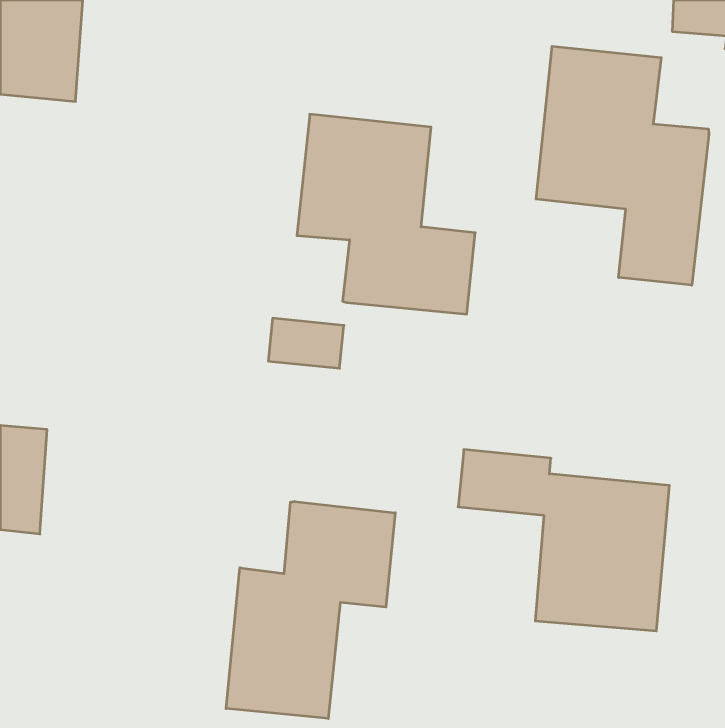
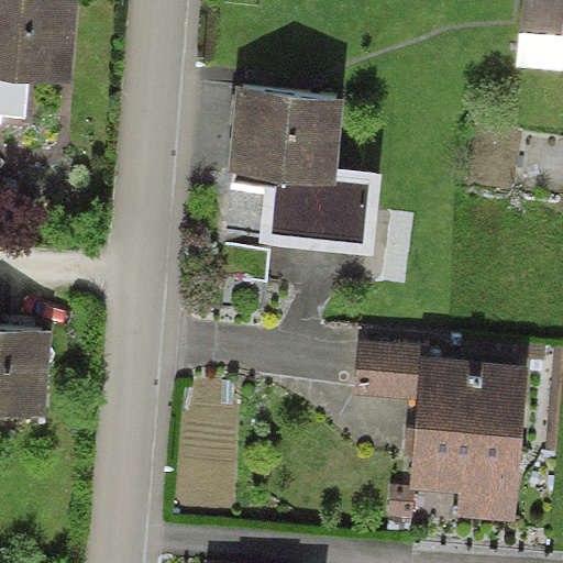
building: [536,46,709,285] -> none
building: [226,501,395,719] -> none

